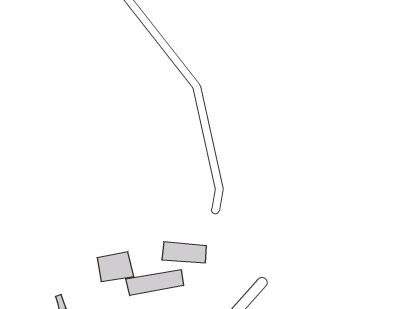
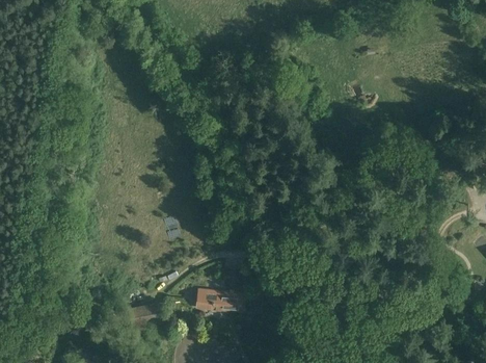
building: [126,270,184,296] -> none

